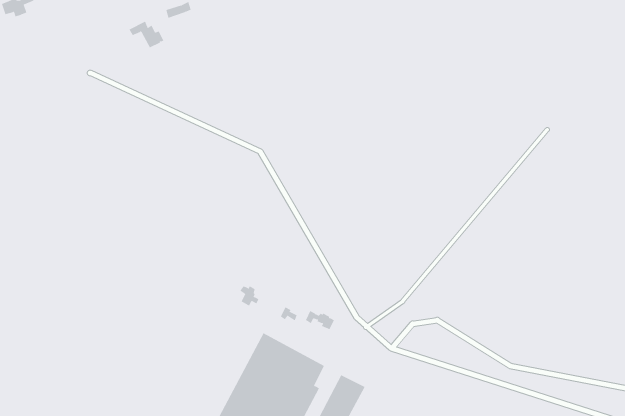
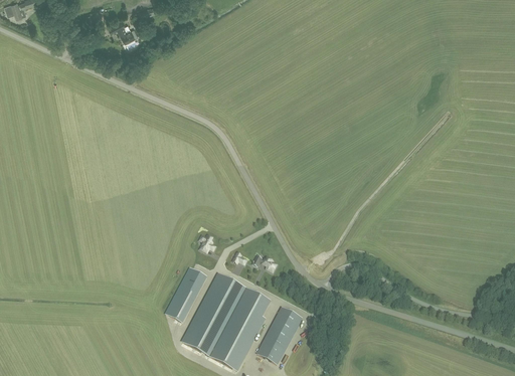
building: none -> [166,267,206,322]

